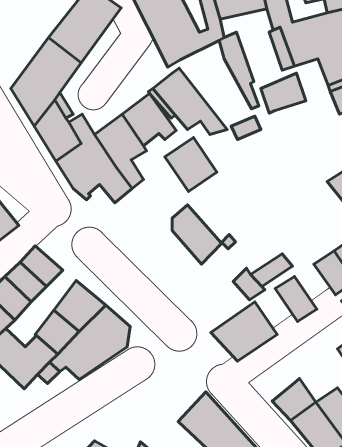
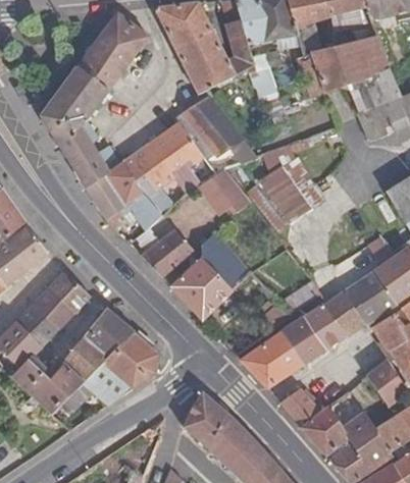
building: none -> [259,165,312,222]
building: none -> [141,228,195,279]
building: none -> [171,257,230,321]
building: none -> [323,290,364,335]
building: none -> [284,315,326,361]
building: none -> [280,387,321,427]
building: none -> [184,390,235,447]

